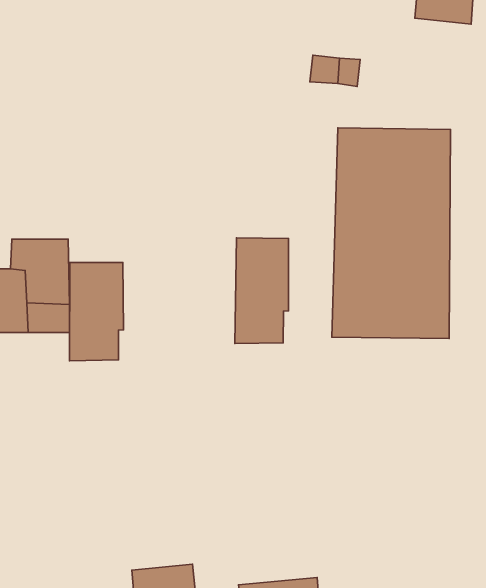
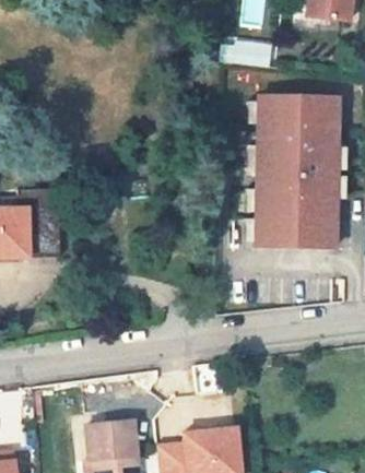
building: [235,238,289,343] -> none
building: [70,262,124,361] -> none

